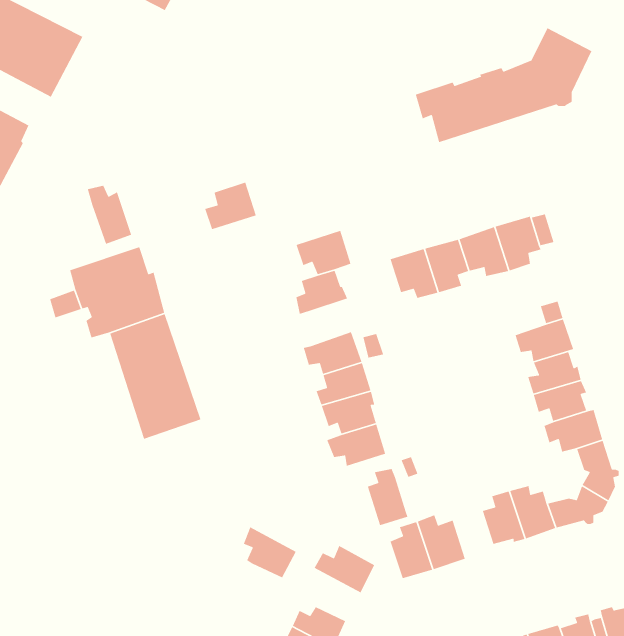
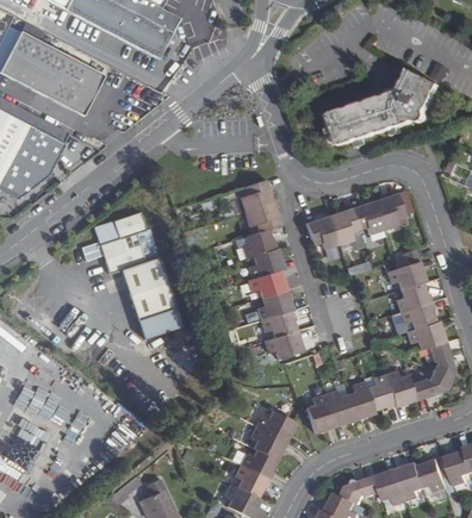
building: [204,181,257,230] -> [238,180,273,212]
building: [87,185,132,245] -> none
building: none -> [248,248,285,279]
building: [367,468,408,526] -> [347,381,374,419]
building: [243,526,297,579] -> [250,425,286,460]

